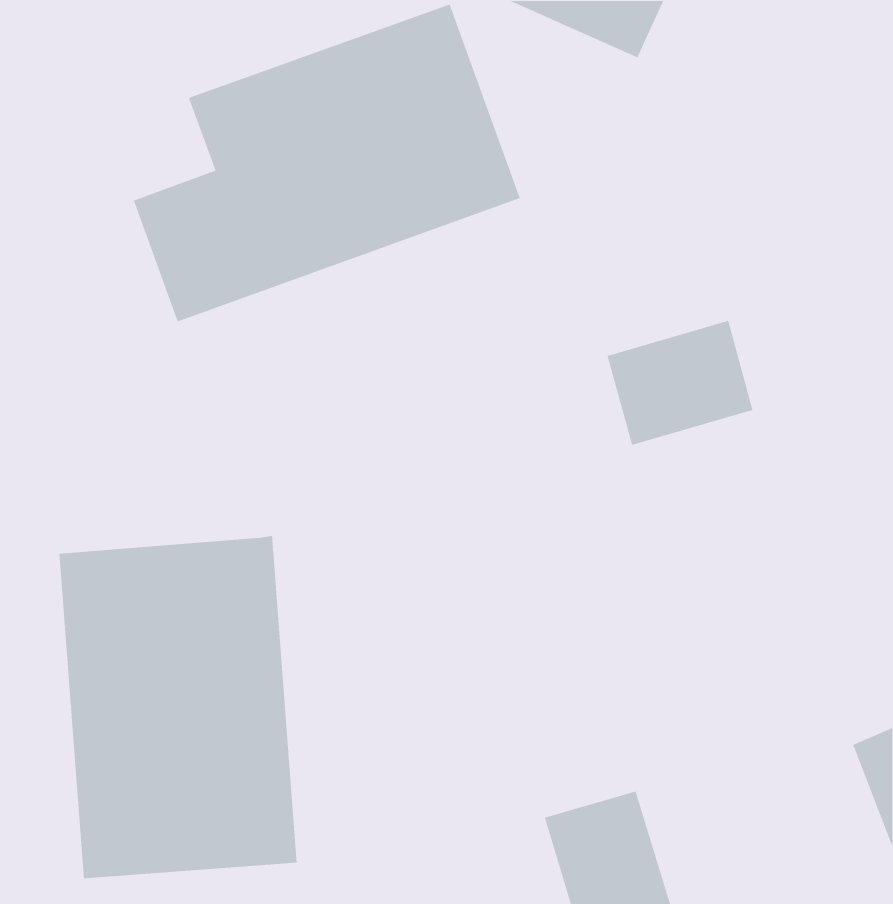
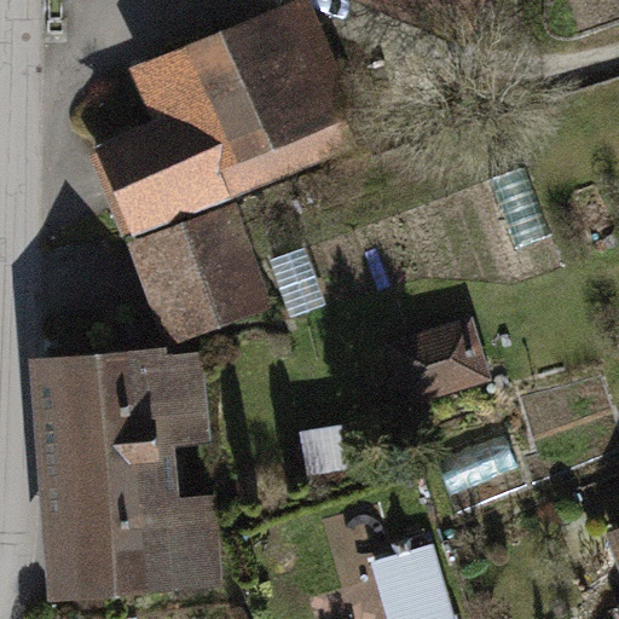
building: none -> [126,204,262,368]
building: [607,320,754,446] -> [389,317,490,403]

